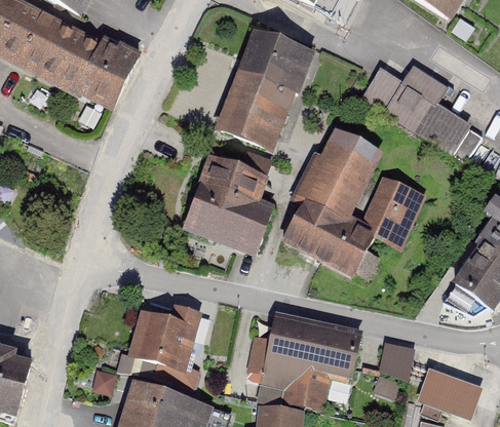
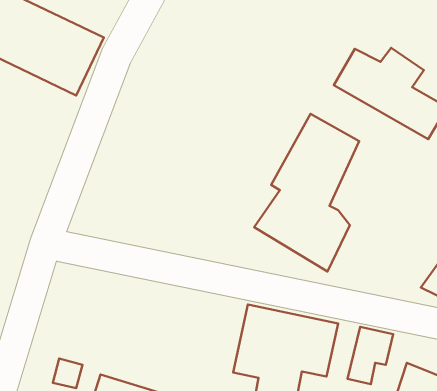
building: [218,29,313,150] -> none
building: [185,155,273,255] -> none
building: [363,176,425,249] -> none
building: [129,304,200,371] -> none

